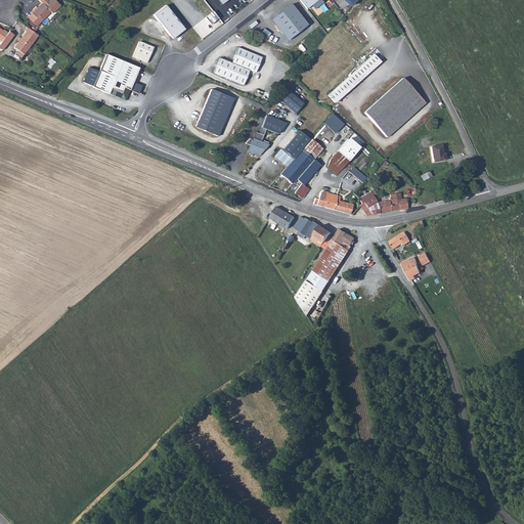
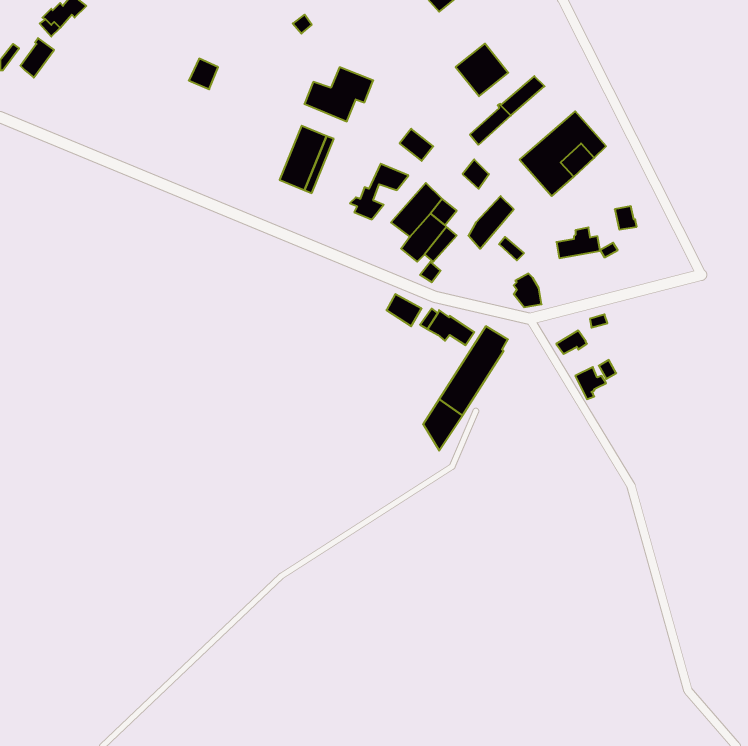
building: [154,4,184,36] -> none
building: [271,4,308,41] -> [456,44,508,96]
building: [92,53,138,99] -> none
building: [313,190,352,213] -> none
building: [377,191,407,213] -> [556,227,600,258]

